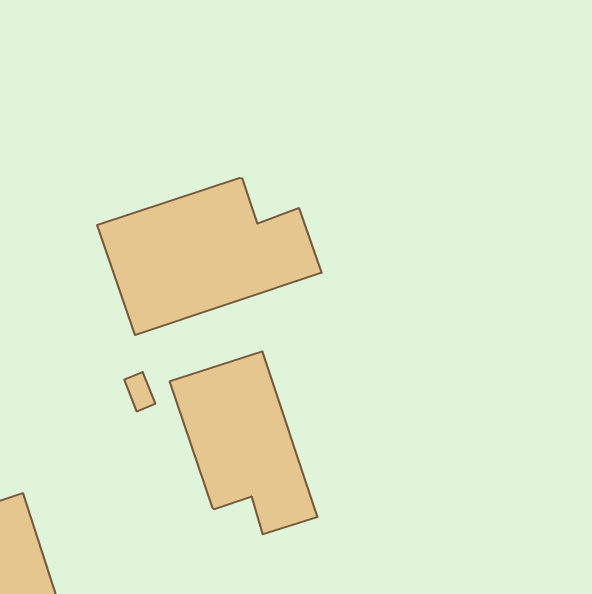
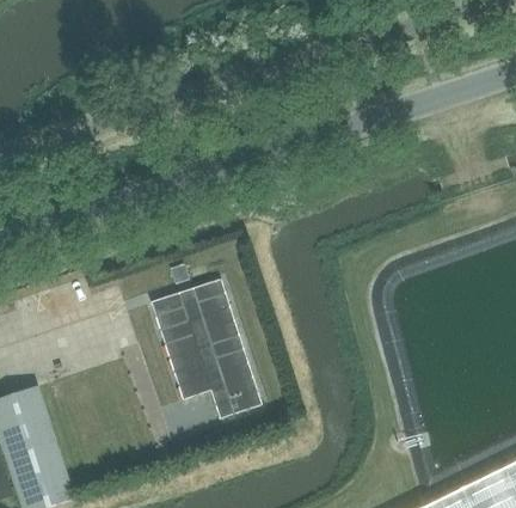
building: [97,178,322,335] -> none

